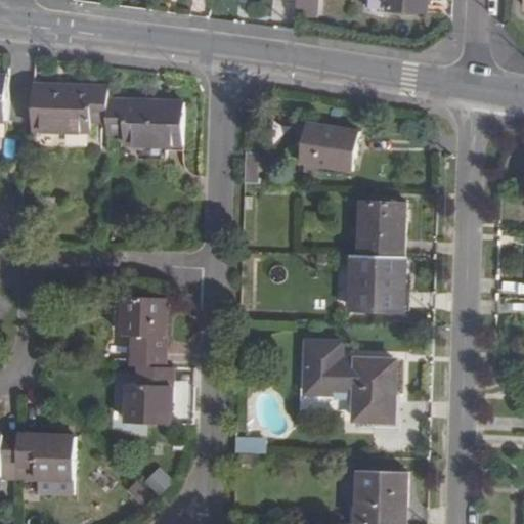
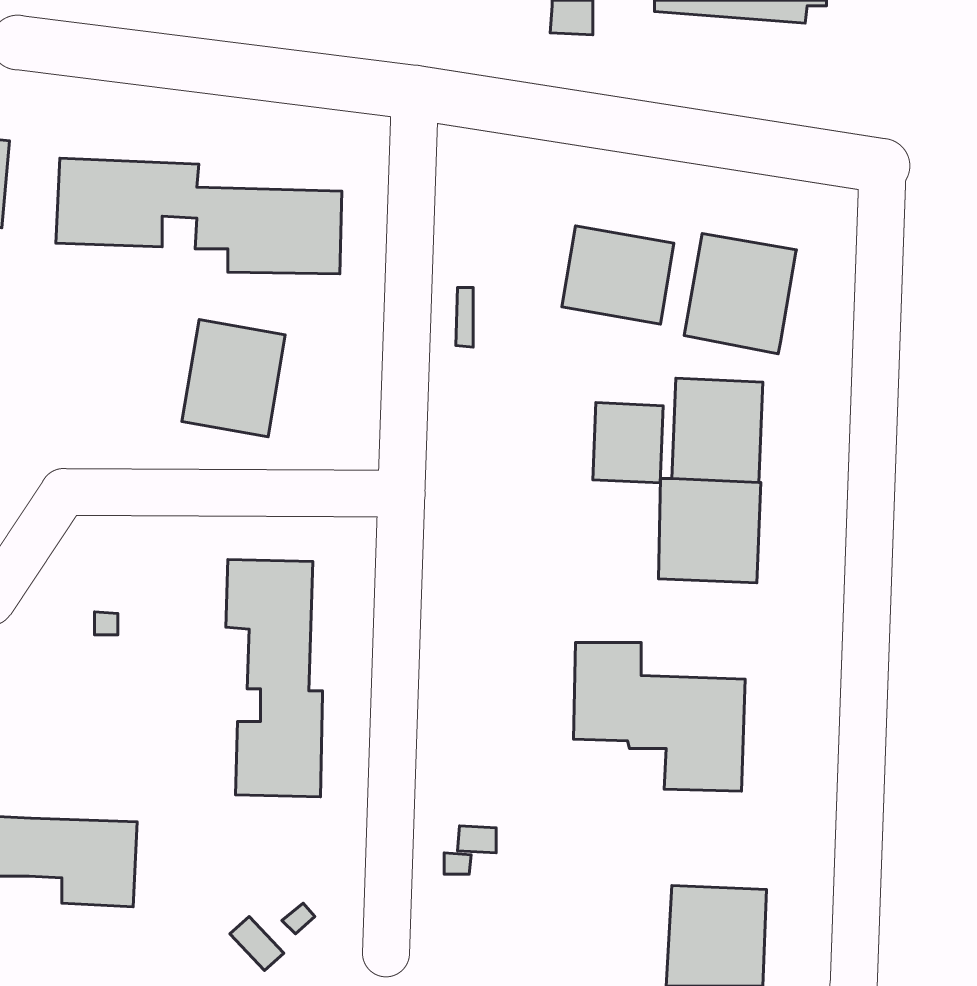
building: none -> [684,233,796,354]
building: none -> [182,320,285,437]
building: none -> [593,403,663,483]

